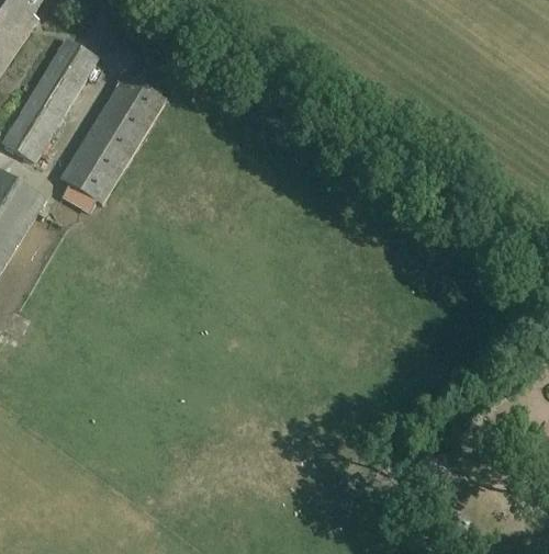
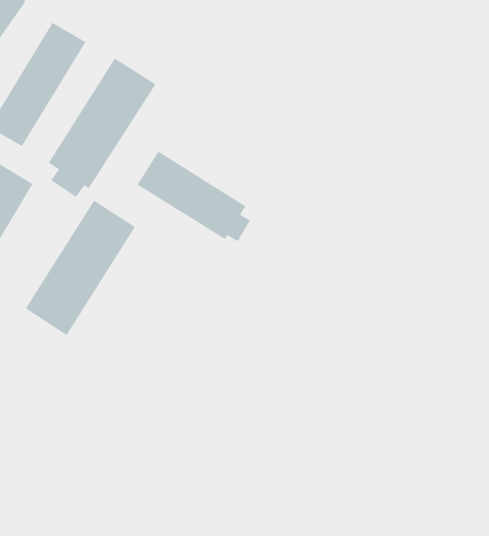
building: none -> [136,150,251,243]
building: none -> [25,199,136,336]

